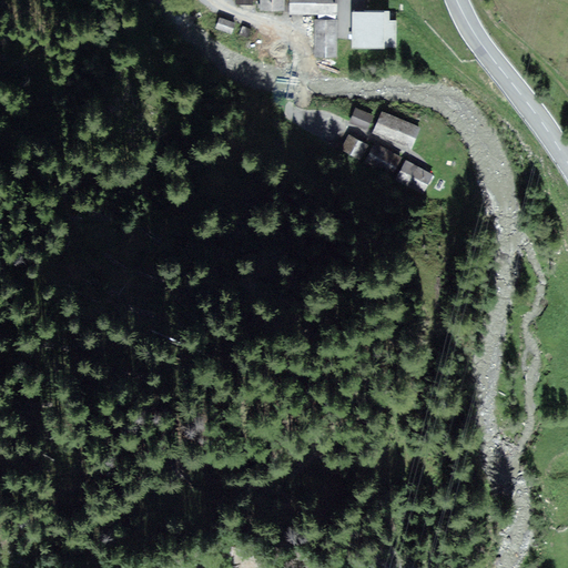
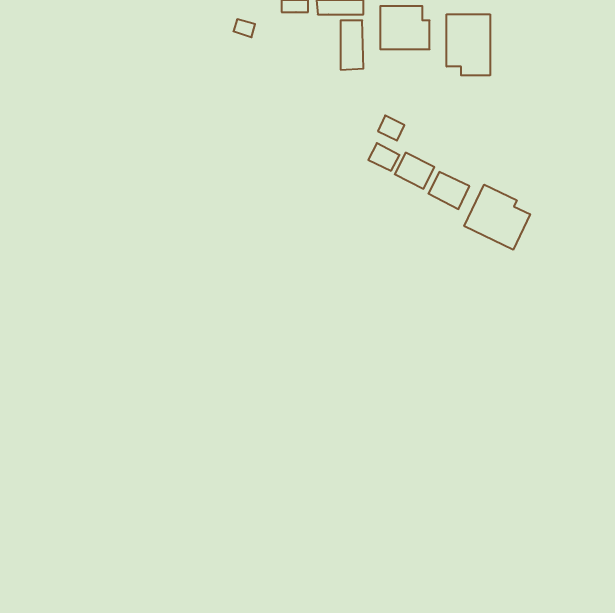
building: none -> [447,14,490,75]
building: [372,110,419,149] -> none
building: none -> [464,185,530,250]

